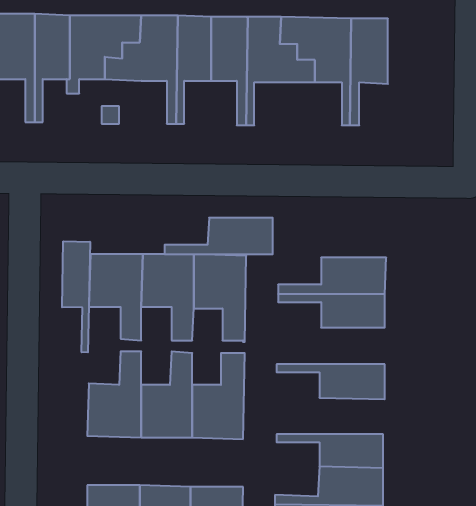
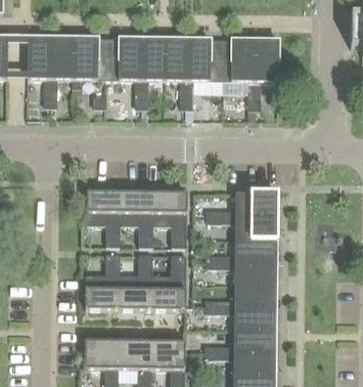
building: [165,218,273,254] -> [207,238,276,261]
building: [62,241,90,352] -> none
building: none -> [207,283,276,306]

